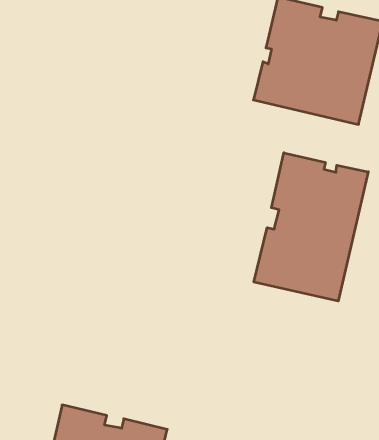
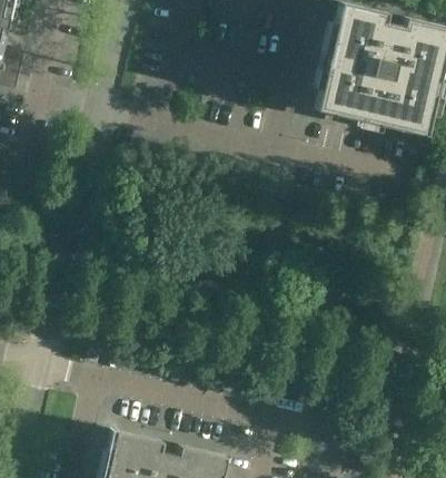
building: [254,153,368,301] -> none

